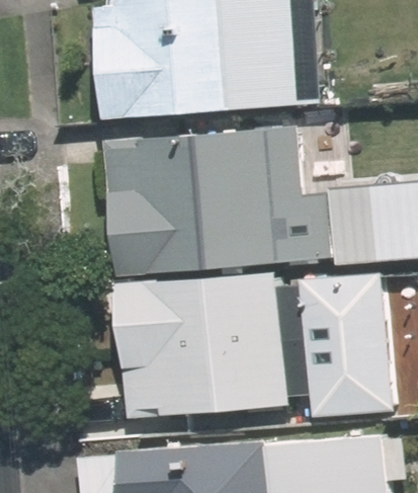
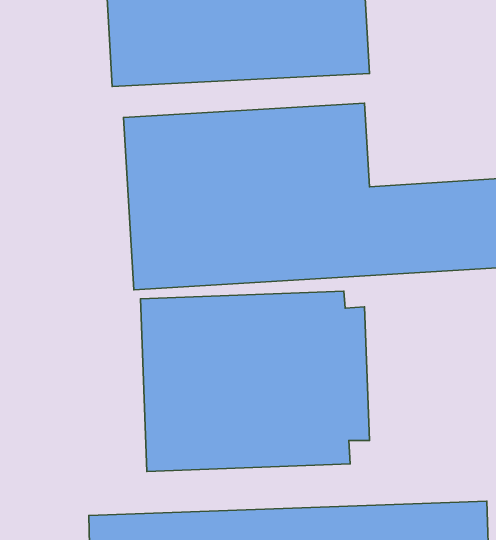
building: [302,270,393,418] -> none

